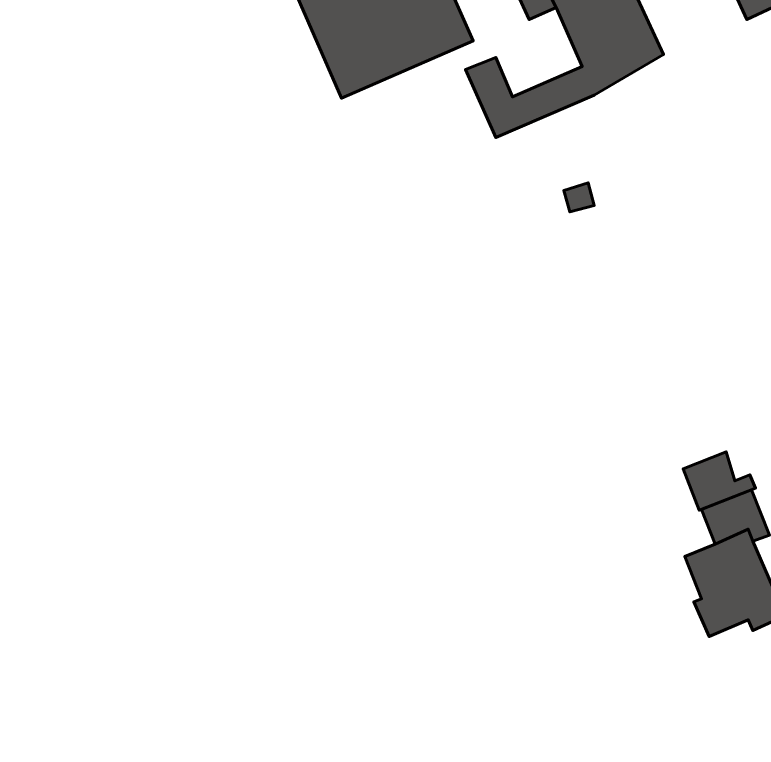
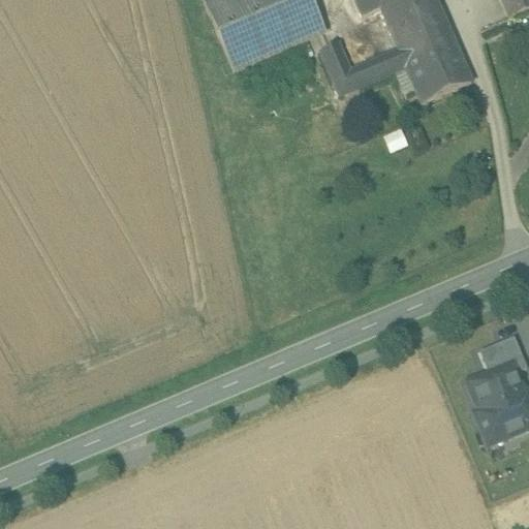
building: none -> [407,37,472,101]
building: [683,452,756,510] -> none

